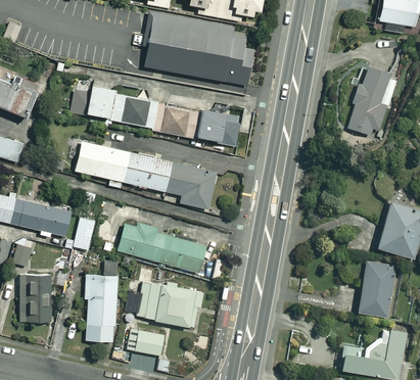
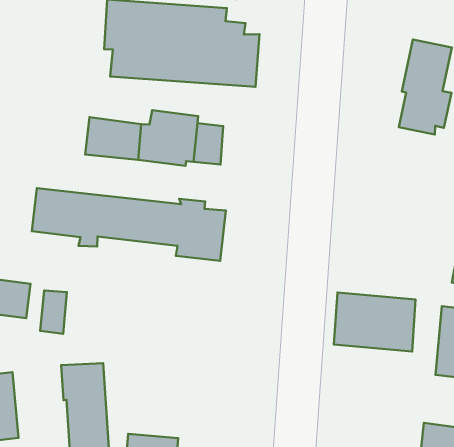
building: [71,83,128,123] -> none
building: [218,113,243,149] -> none
building: [119,222,206,273] -> none
building: none -> [334,292,416,352]
building: [138,280,204,327] -> none

